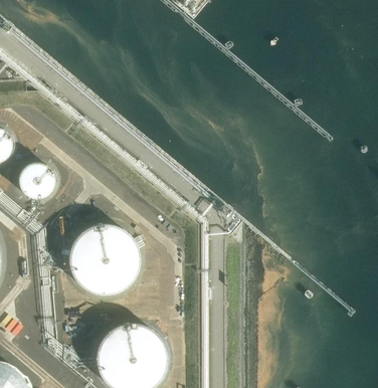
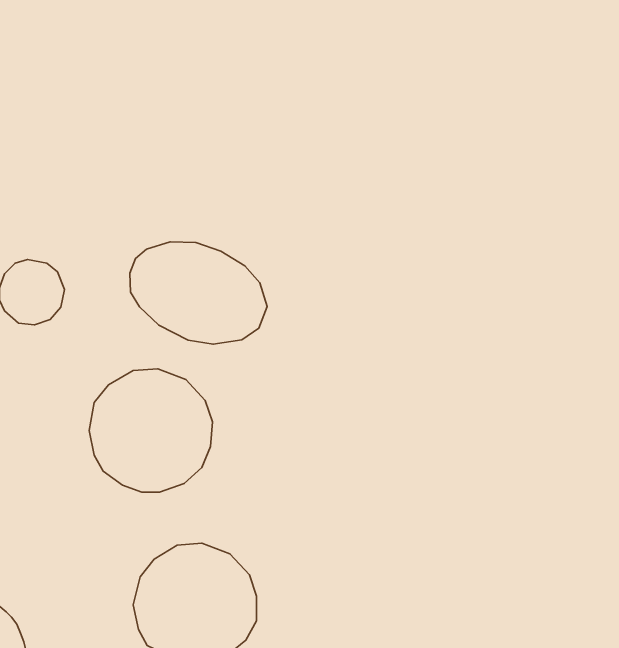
building: none -> [130,242,267,344]

